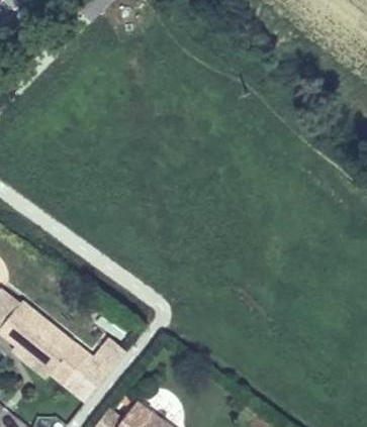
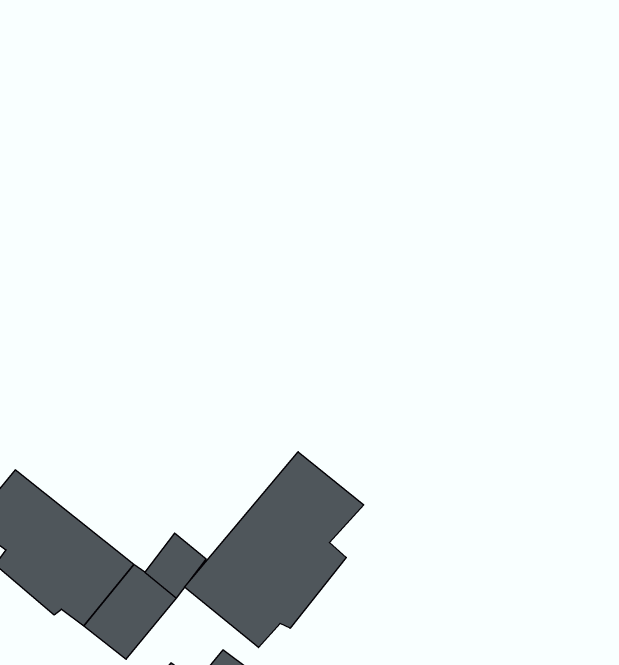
building: none -> [185,452,364,648]

